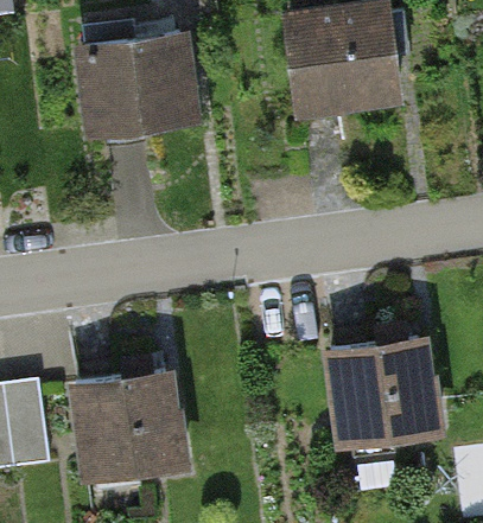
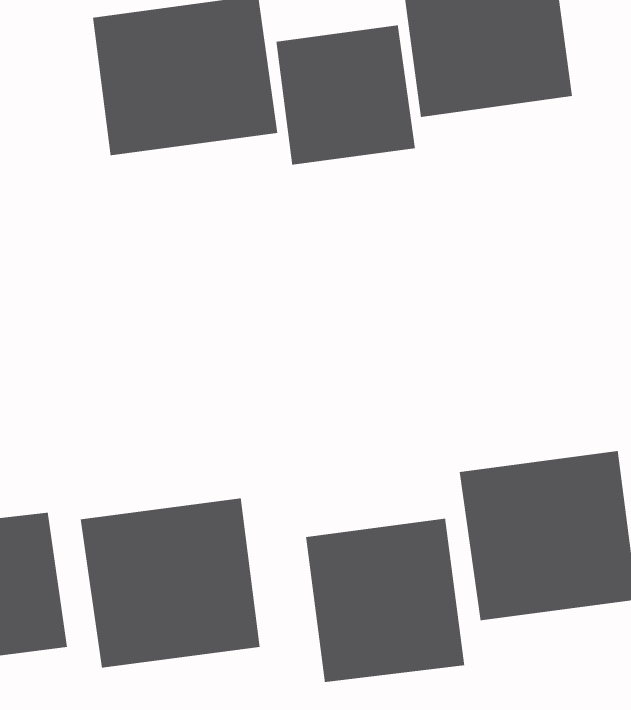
building: none -> [276,25,415,166]
building: none -> [306,518,465,683]

